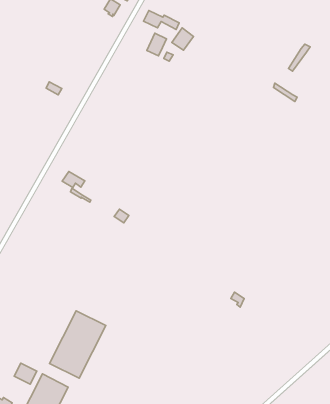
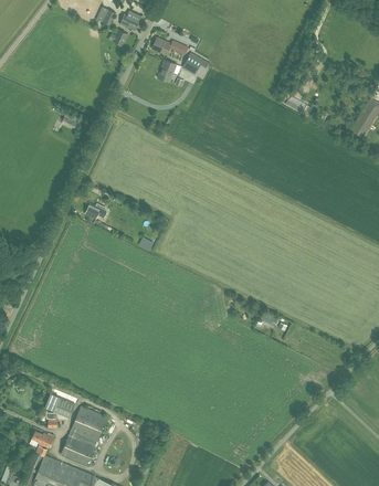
building: [50,311,106,378] -> none

